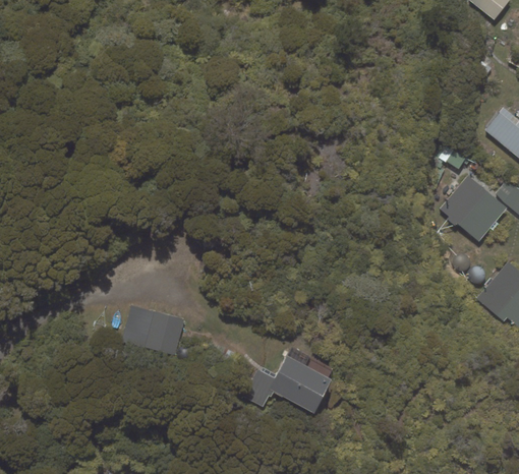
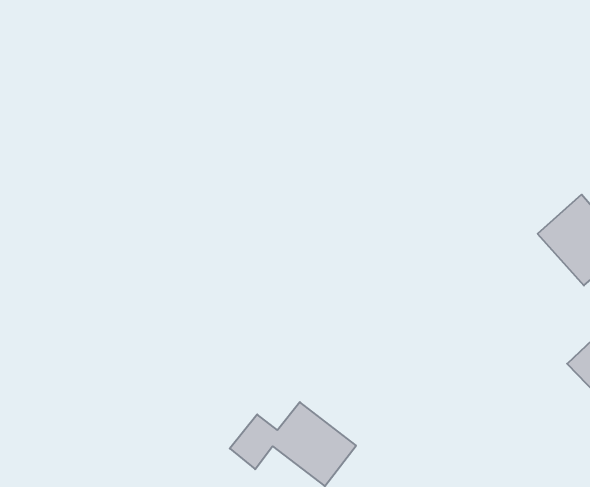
building: [122,306,184,355] -> none

